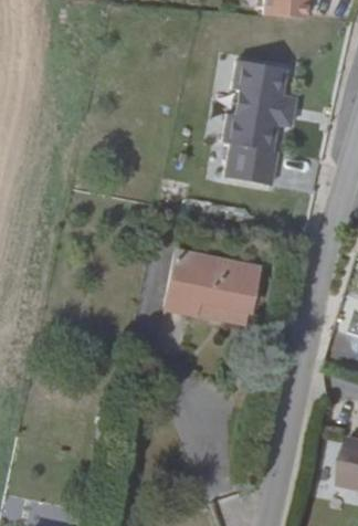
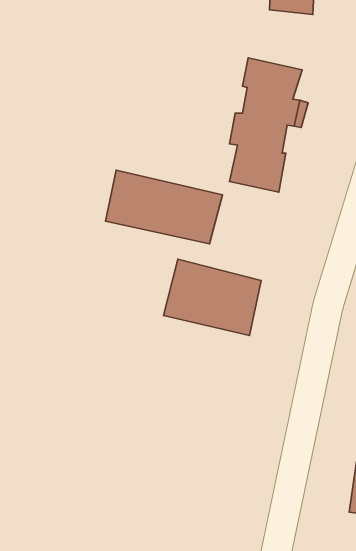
building: none -> [105,170,222,244]

